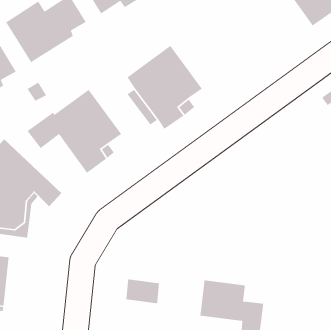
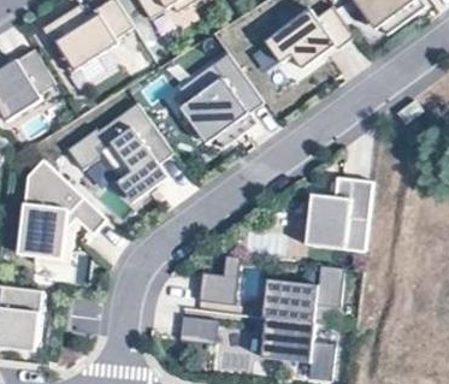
building: none -> [267,12,356,75]
building: none -> [302,176,370,252]
building: none -> [195,254,237,305]
building: none -> [260,266,341,323]

